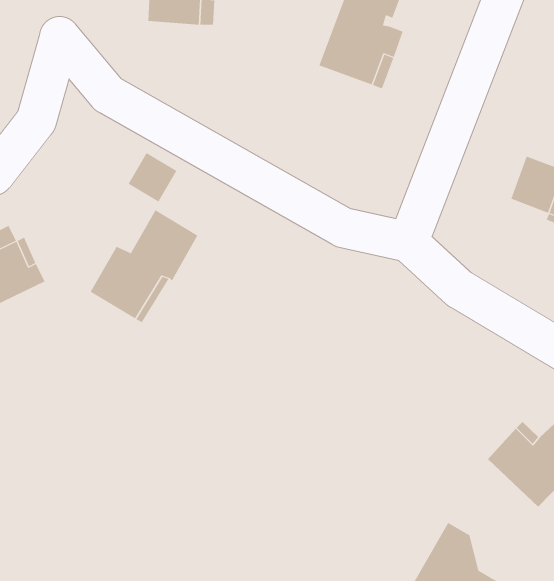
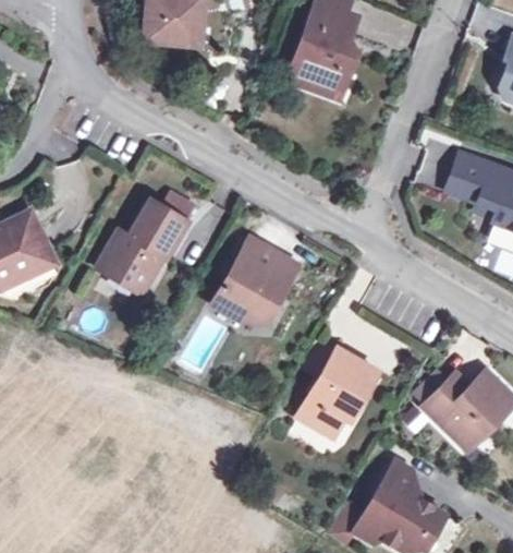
building: [128,152,177,202] -> none
building: none -> [212,239,297,322]
building: none -> [297,348,378,437]

